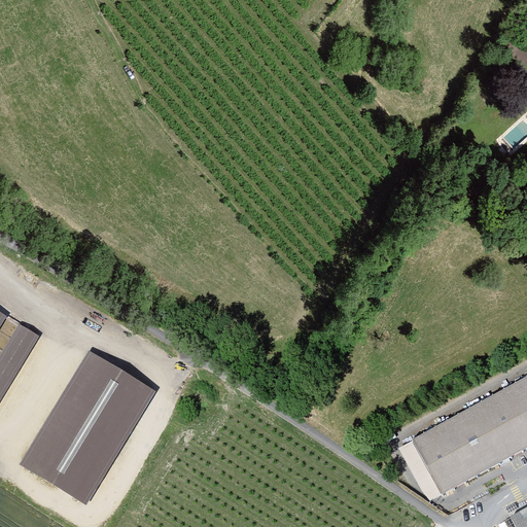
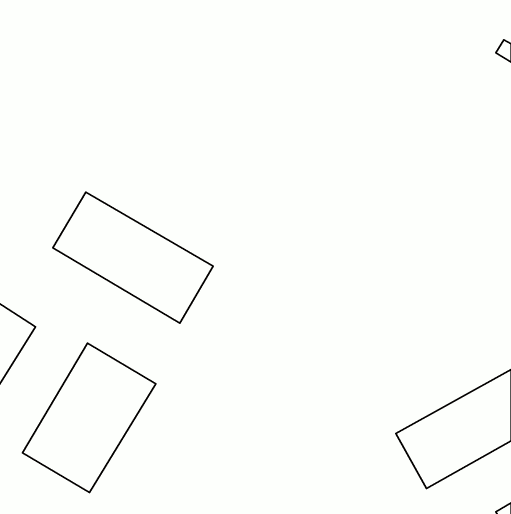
building: none -> [53,192,213,323]

